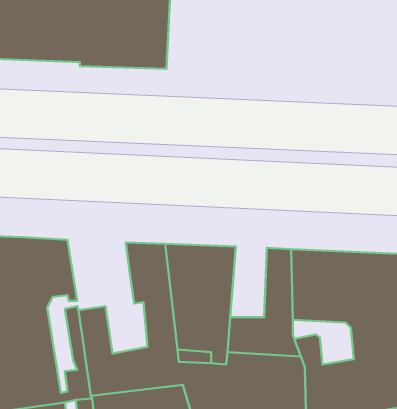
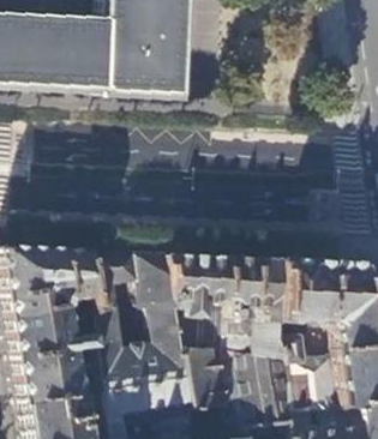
building: none -> [84,251,139,313]
building: none -> [228,257,260,319]

